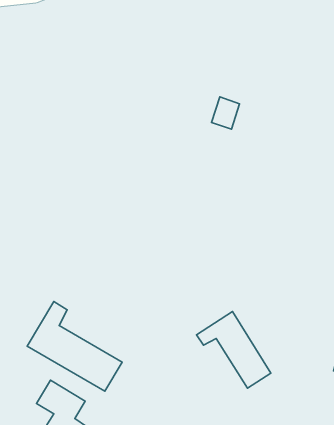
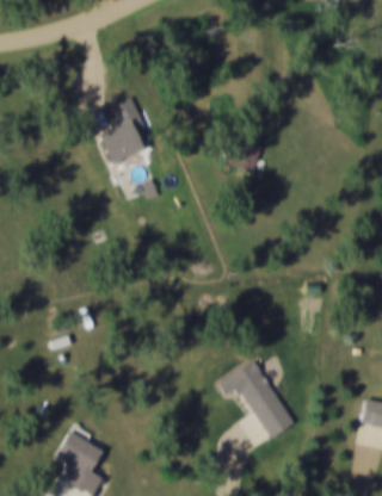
building: none -> [99,98,155,161]
building: [27,302,122,391] -> none

